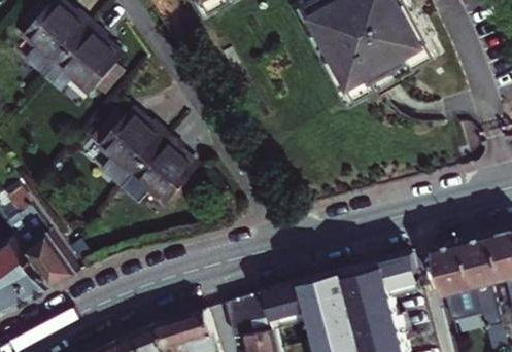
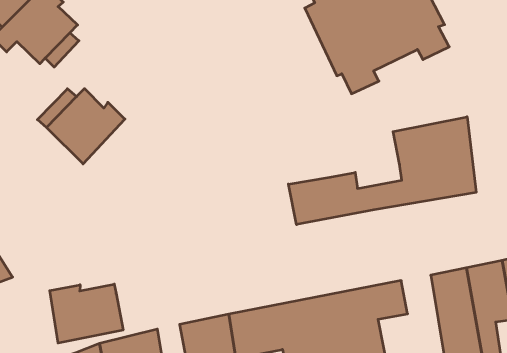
building: none -> [288,117,476,225]
building: [120,136,195,205] -> none
building: none -> [50,284,123,343]

